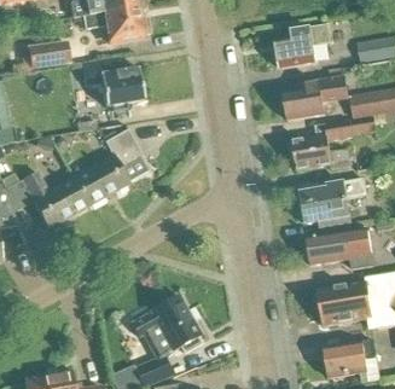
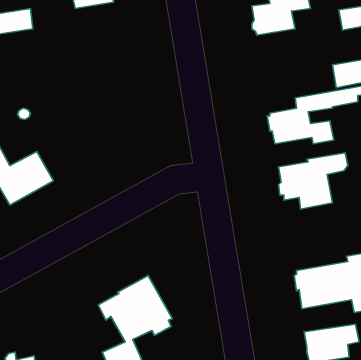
building: [81,62,144,109] -> none
building: [284,74,348,118] -> none
building: [72,127,147,204] -> none
building: [307,227,373,267] -> none

